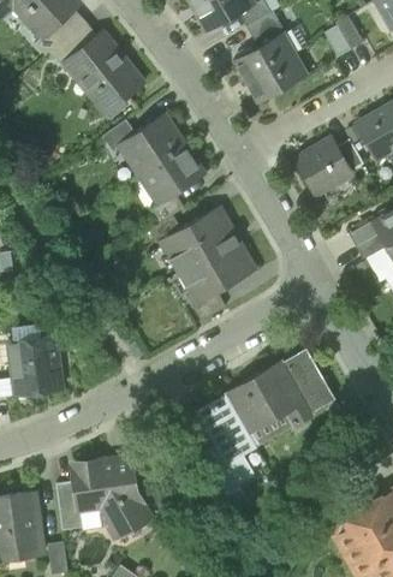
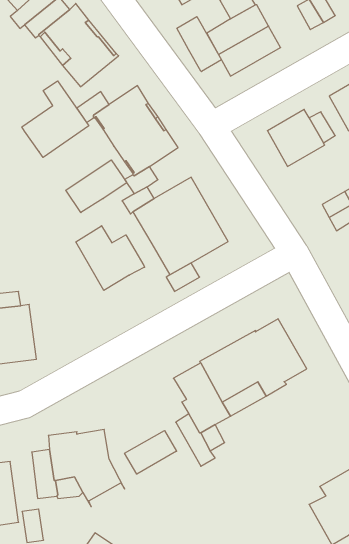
building: none -> [177,17,222,72]
building: none -> [22,81,89,157]
building: none -> [66,160,126,213]
building: none -> [76,226,145,290]
building: none -> [125,431,177,474]

